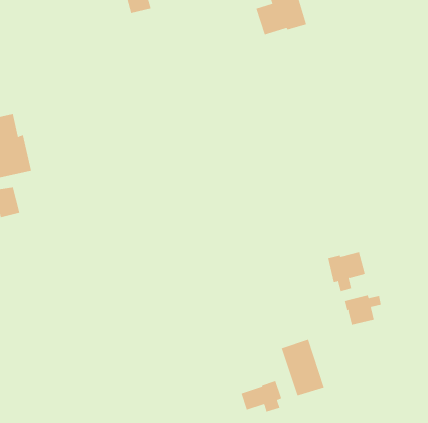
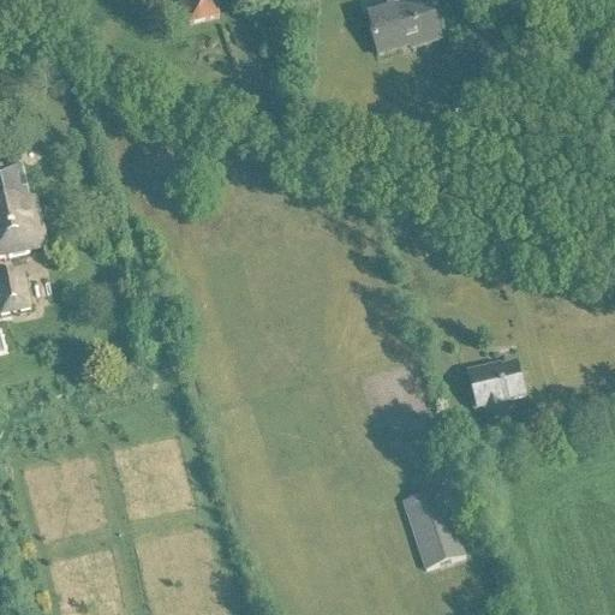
building: [344,294,382,326] -> none
building: [241,380,282,413] -> none

